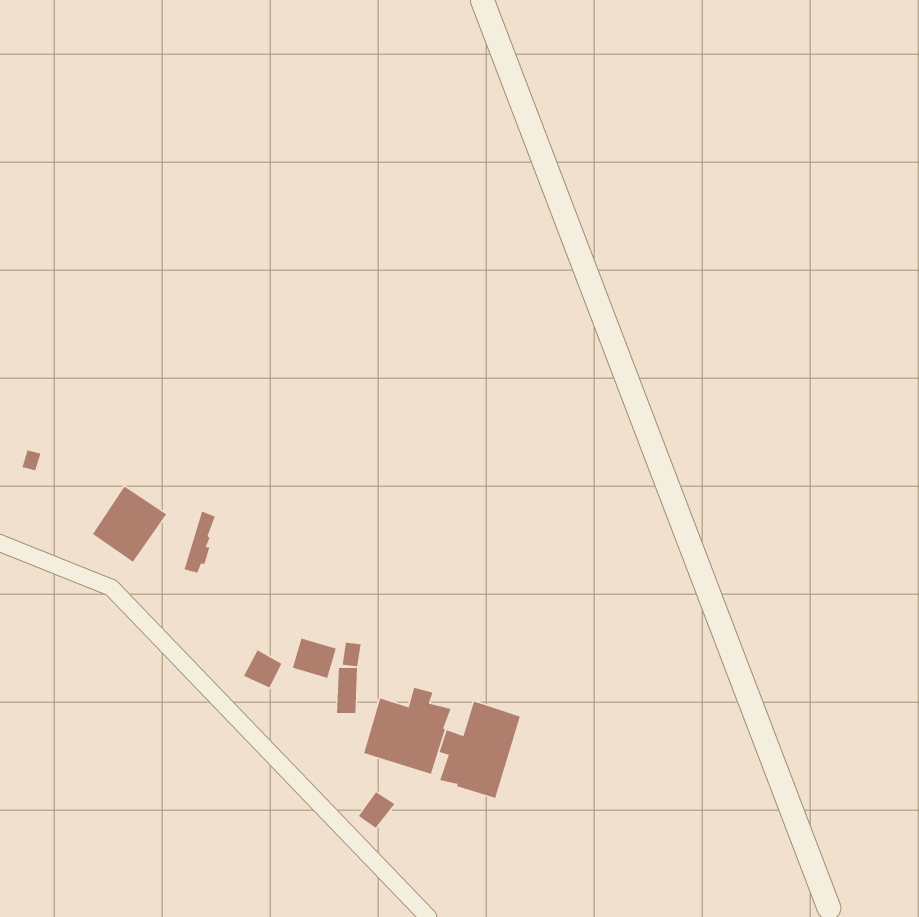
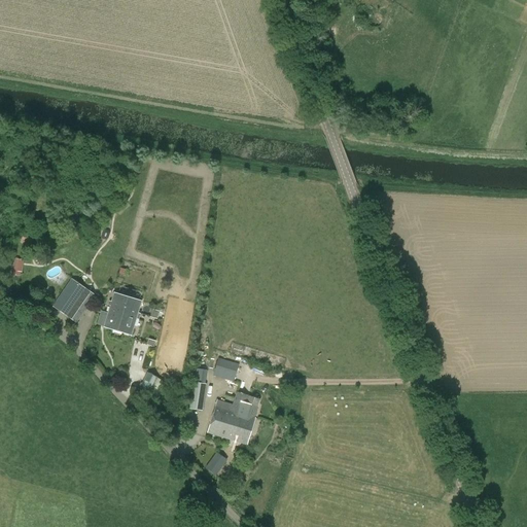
building: none -> [113,295,141,333]
building: [292,637,337,679] -> [213,358,239,382]
building: [438,700,521,799] -> none

